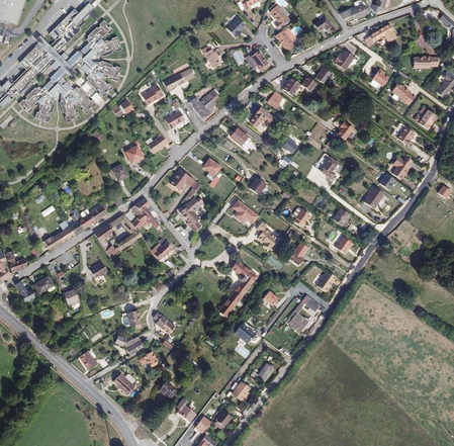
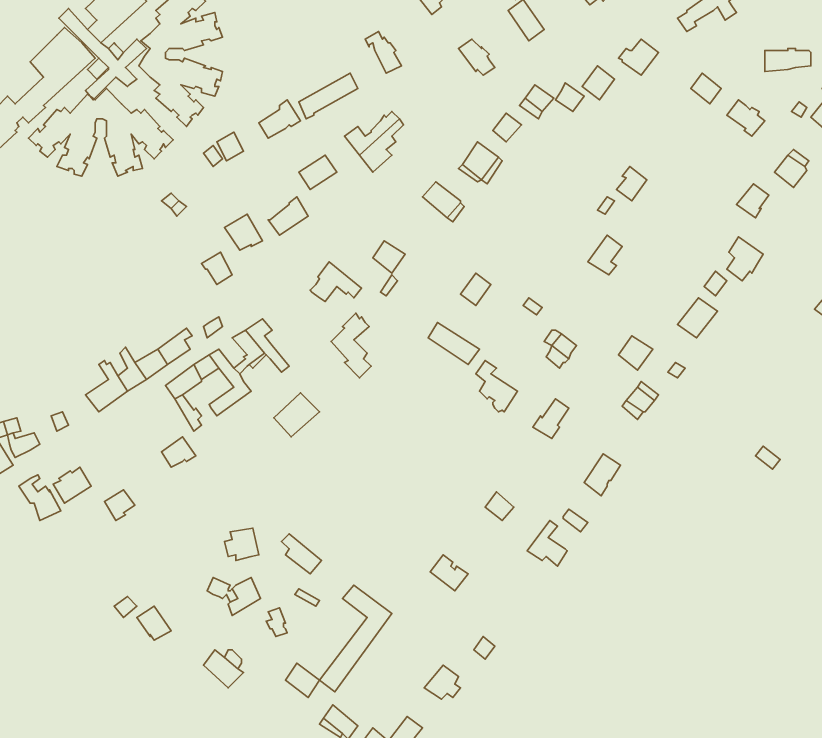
building: [218,260,257,317] -> [320,585,392,692]

